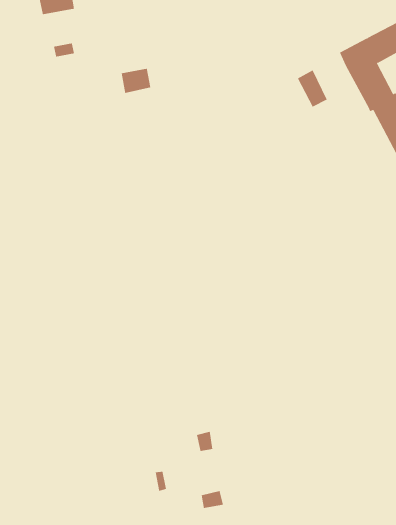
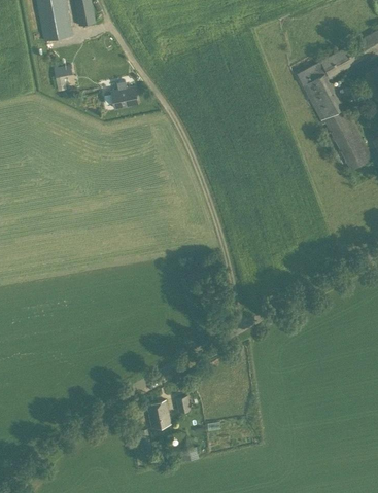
building: [297,70,328,107] -> none
building: none -> [146,400,170,428]

